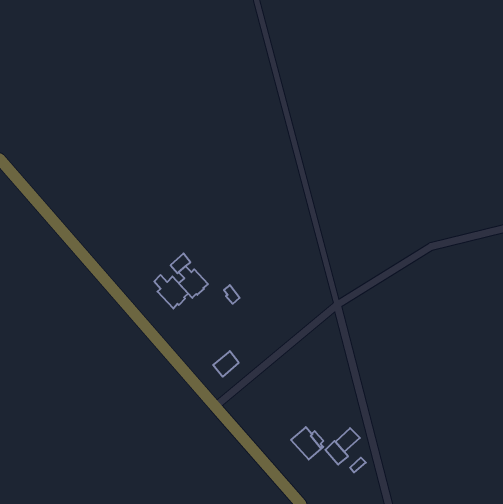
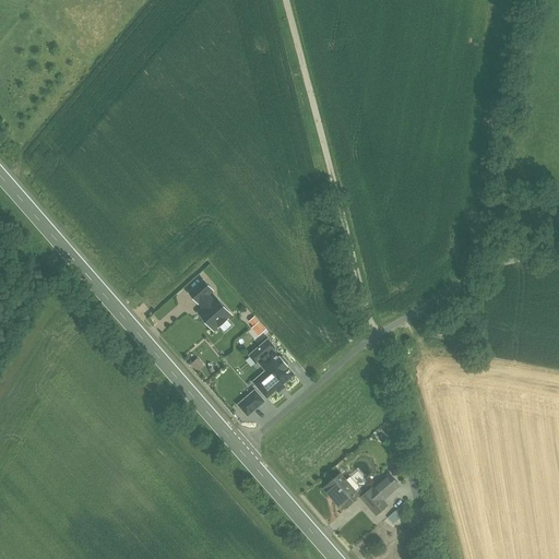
building: [154,275,188,309] -> none
building: none -> [248,338,293,397]

